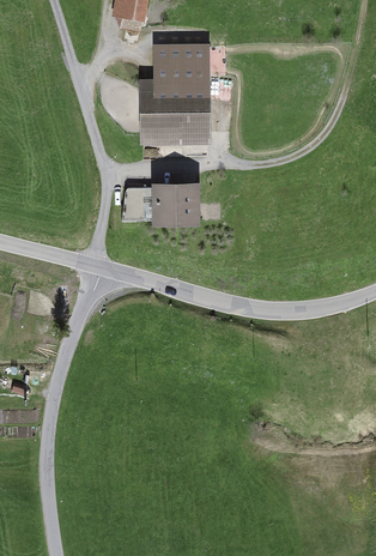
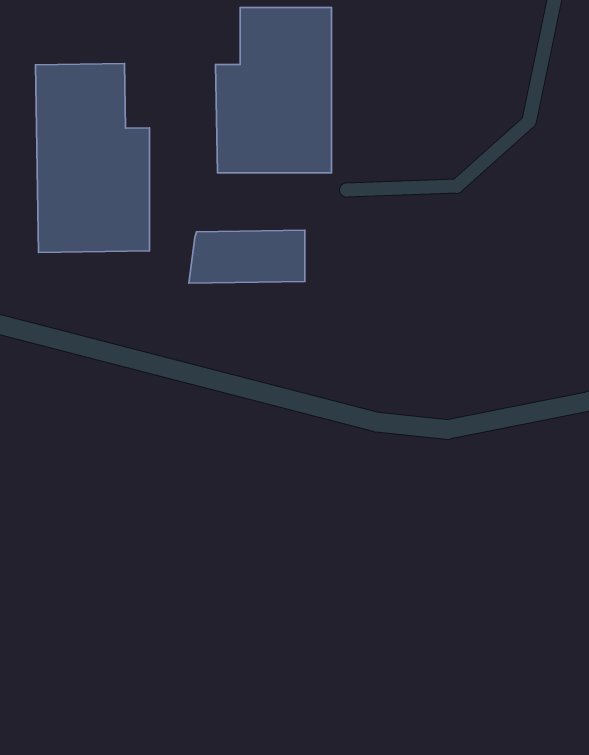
building: none -> [35,63,150,253]

